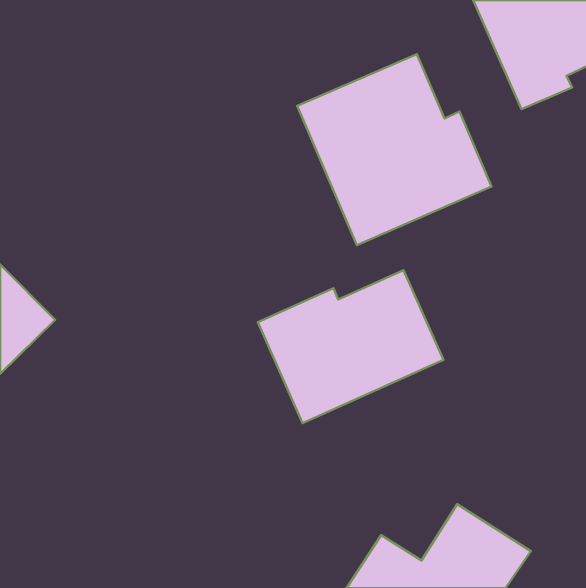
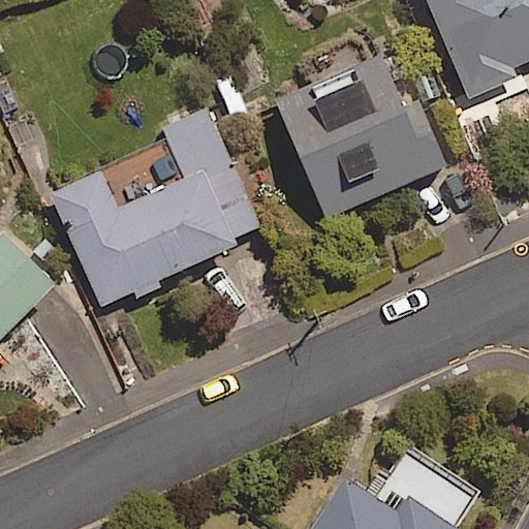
building: none -> [52,110,261,305]
building: [258,270,444,423] -> none

